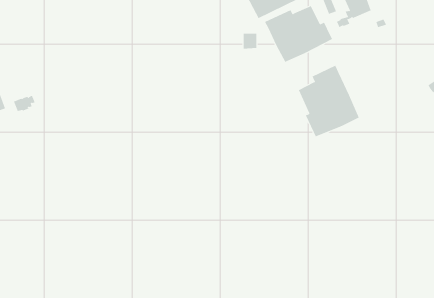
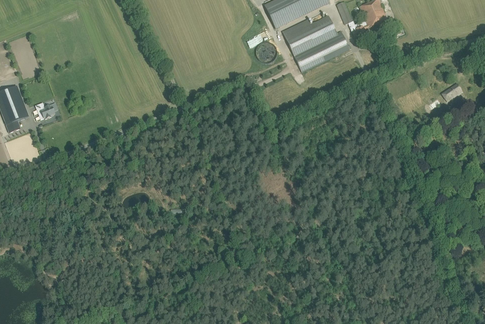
building: [298,65,359,137] -> none

